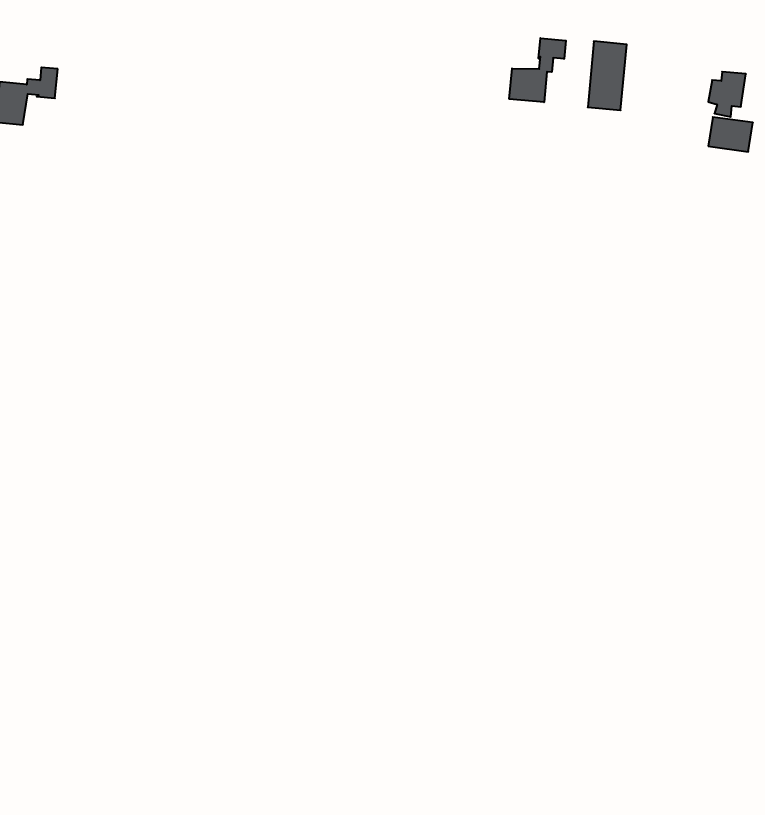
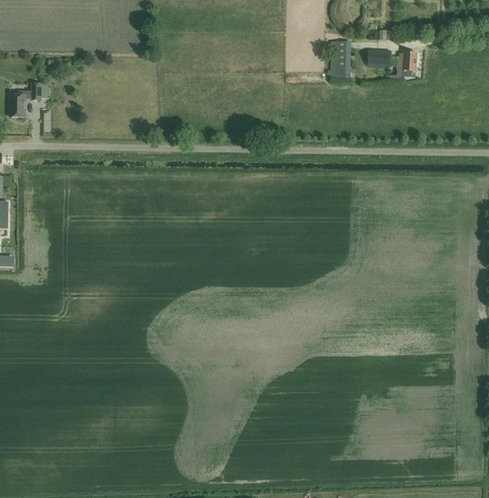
building: [509,38,566,102] -> none
building: [708,117,753,152] -> [367,49,390,67]

